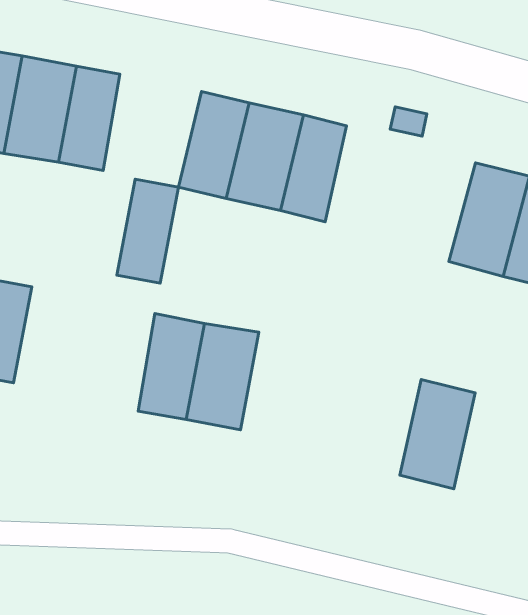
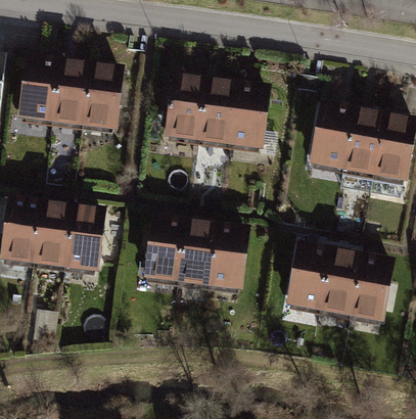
building: none -> [306,101,350,170]
building: [117,179,178,283] -> [68,204,103,269]
building: none -> [214,223,248,288]
building: none -> [285,240,325,307]
building: none -> [351,251,388,317]

